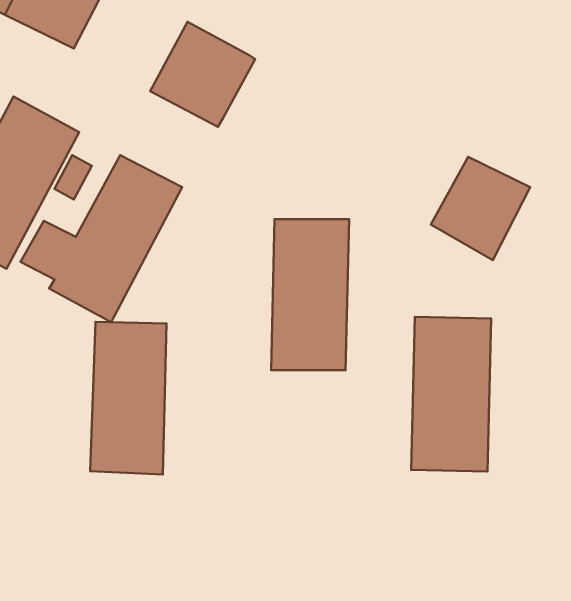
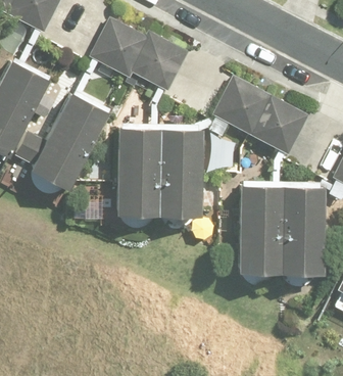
building: none -> [132,33,188,92]
building: none -> [212,75,273,134]
building: none -> [284,188,326,276]
building: [90,322,167,475] -> [117,130,161,218]

